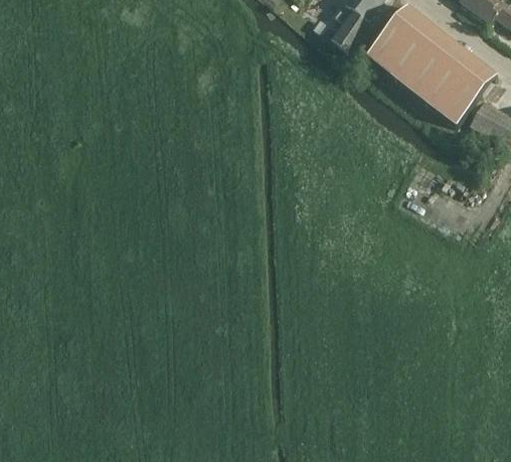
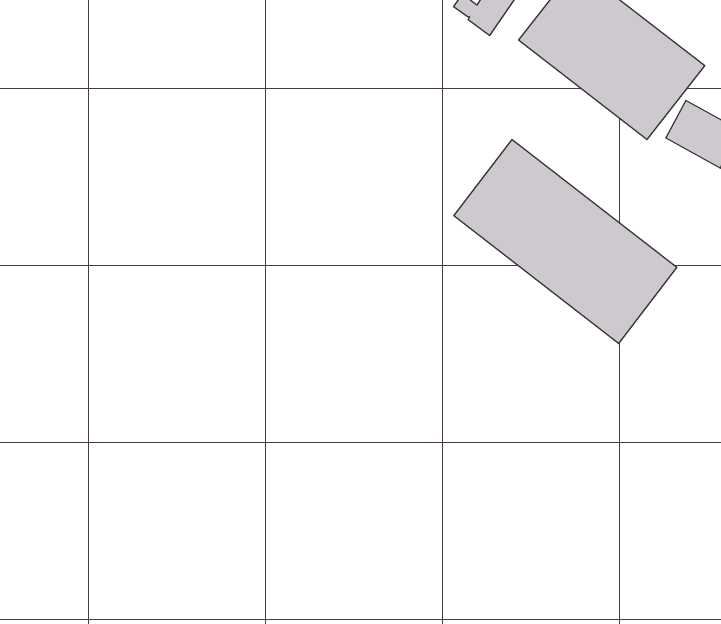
building: none -> [454,140,677,344]

